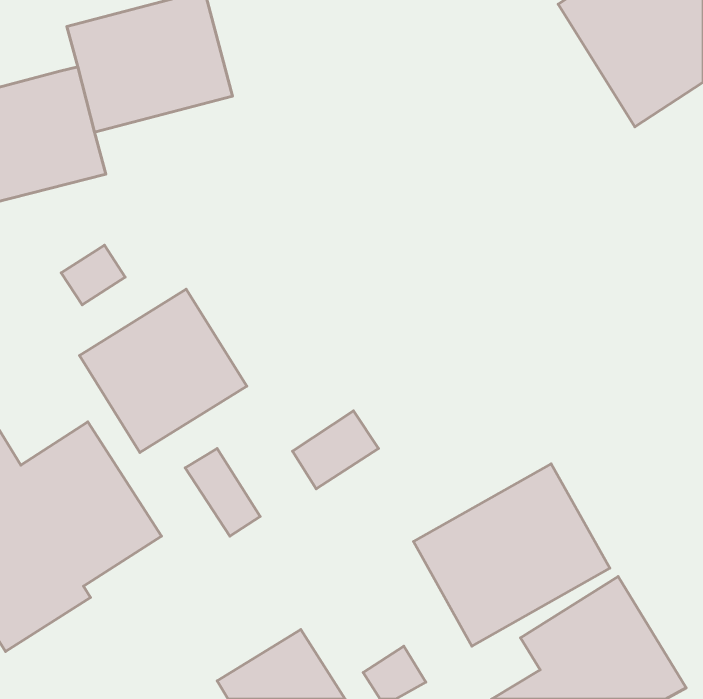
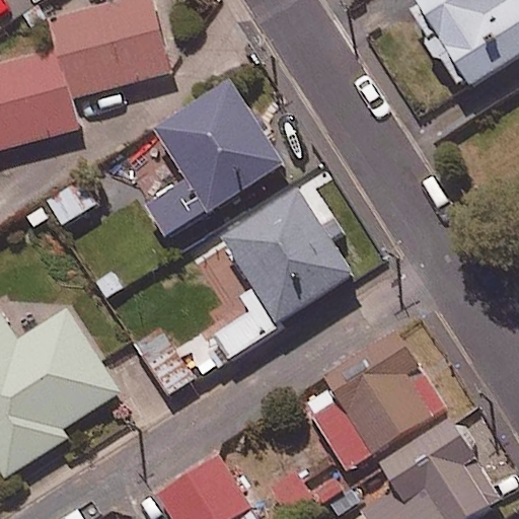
building: none -> [146,82,284,239]
building: none -> [224,192,353,324]
building: [79,289,247,453] -> none

